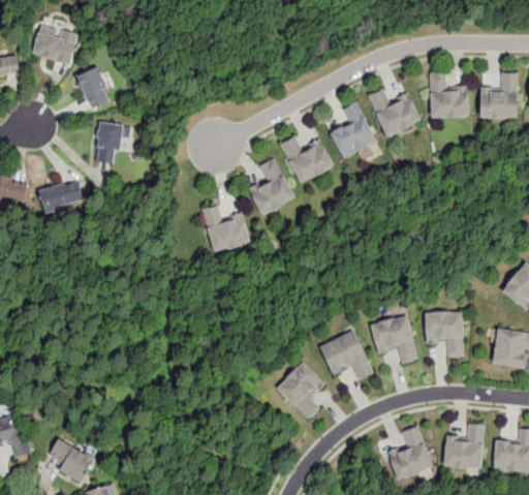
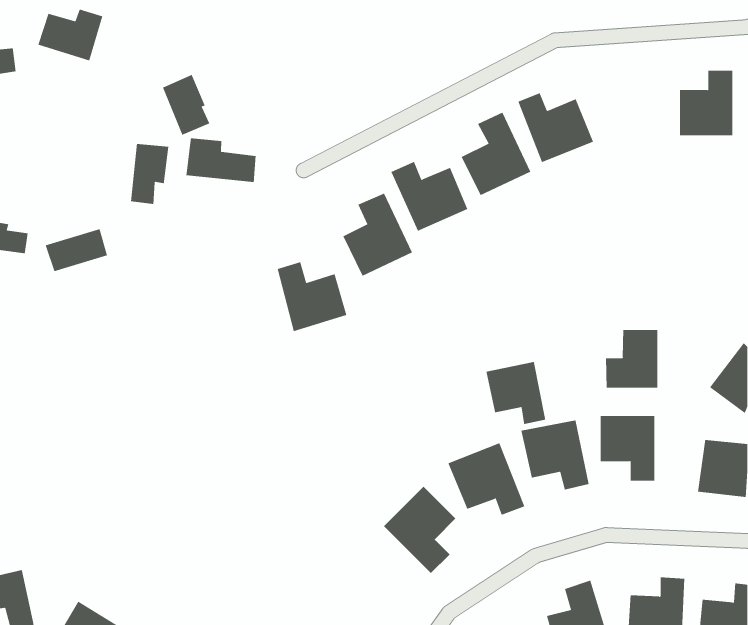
building: [81,68,114,111] -> [162,74,210,135]
building: [429,73,468,119] -> none
building: none -> [186,137,256,183]
building: none -> [606,329,658,389]
building: none -> [486,361,546,425]

